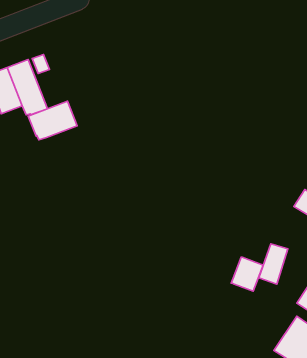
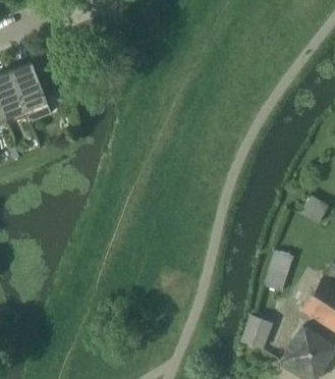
building: [28,101,77,140] -> none
building: [231,257,263,291] -> [240,314,273,348]

